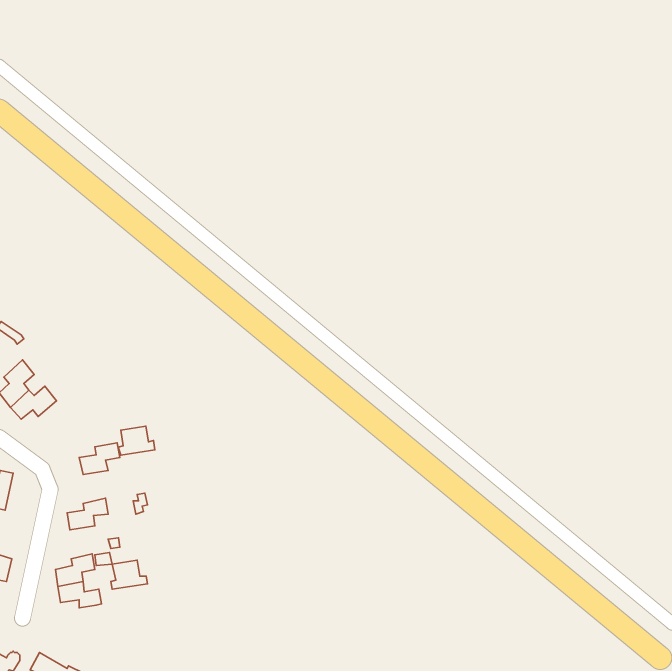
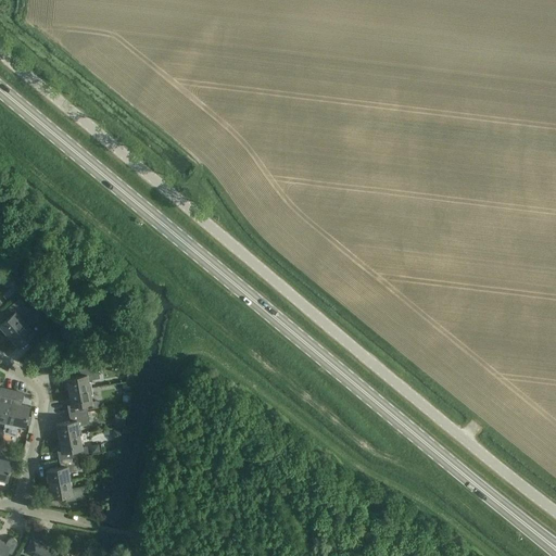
building: [118,426,155,455] -> [66,390,97,414]
building: none -> [4,392,28,427]
building: [111,560,148,589] -> [56,435,87,459]

